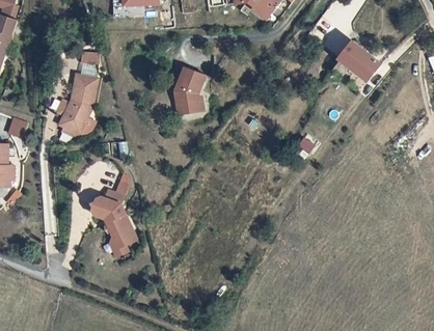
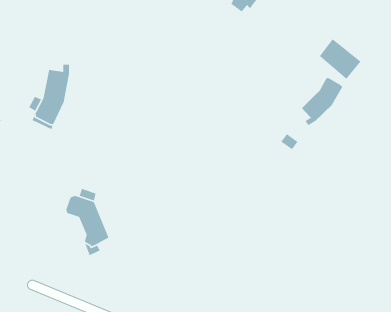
building: [173,67,204,114] -> none
building: none -> [301,77,343,126]

